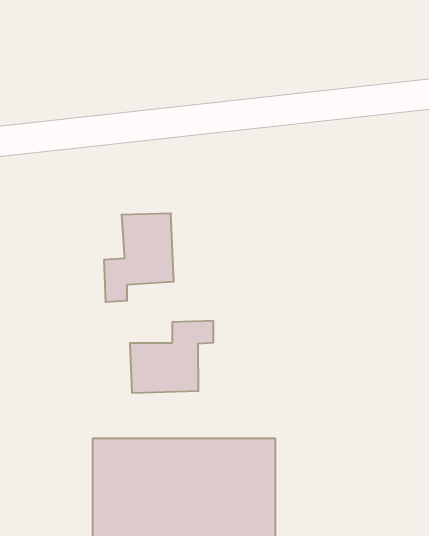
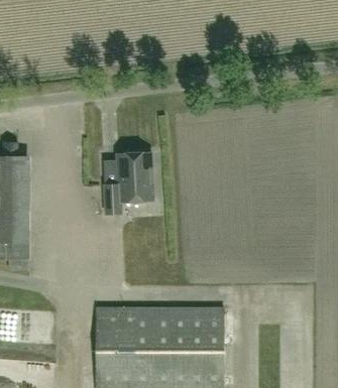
building: [130,321,213,393] -> none

